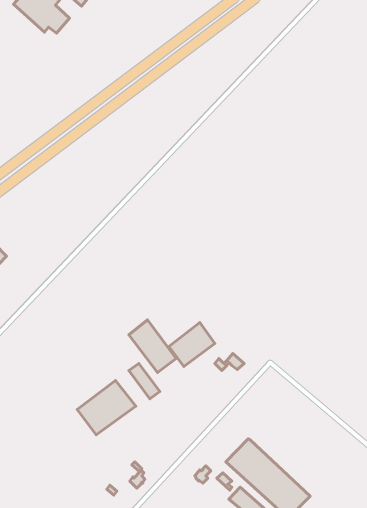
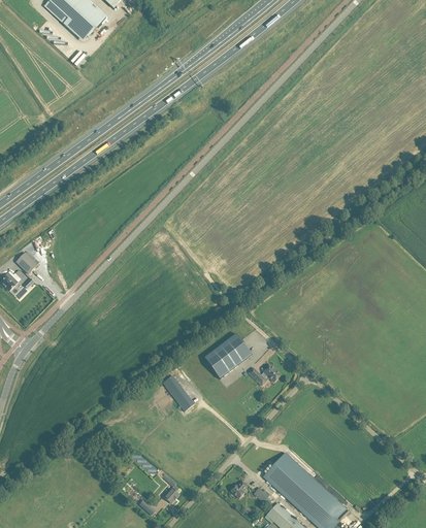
building: [129,320,176,373] -> none
building: [77,380,136,435] -> none

